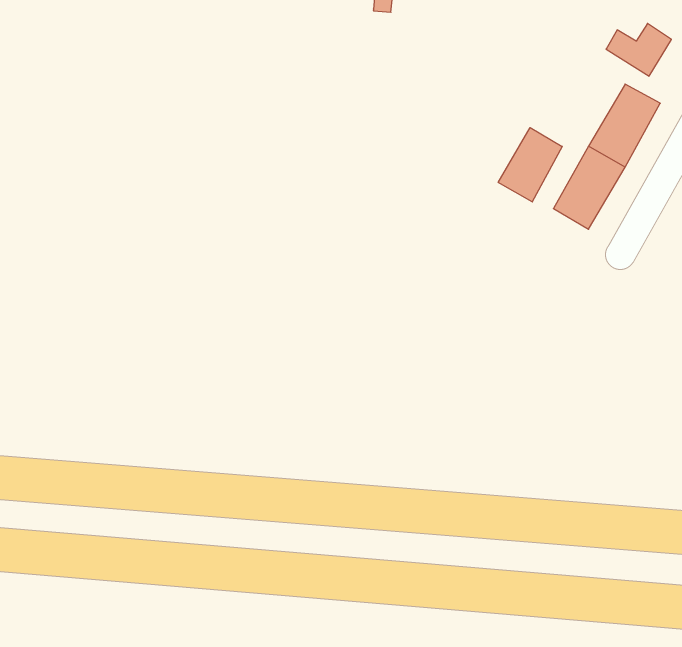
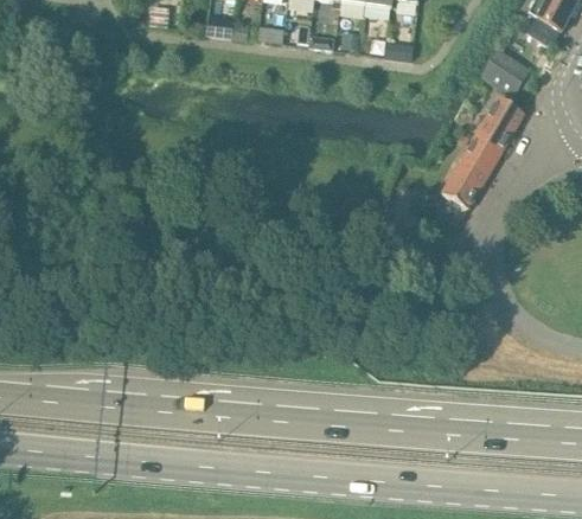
building: [498,128,562,202] -> none

